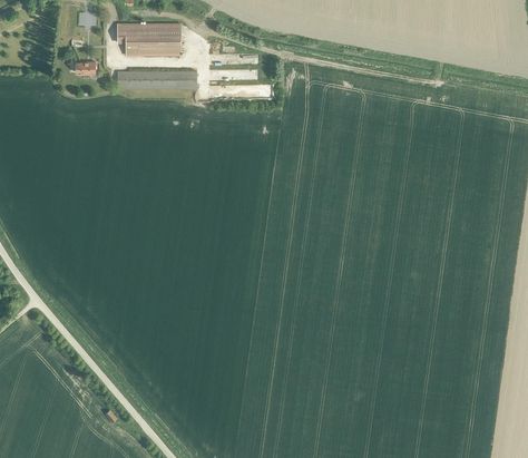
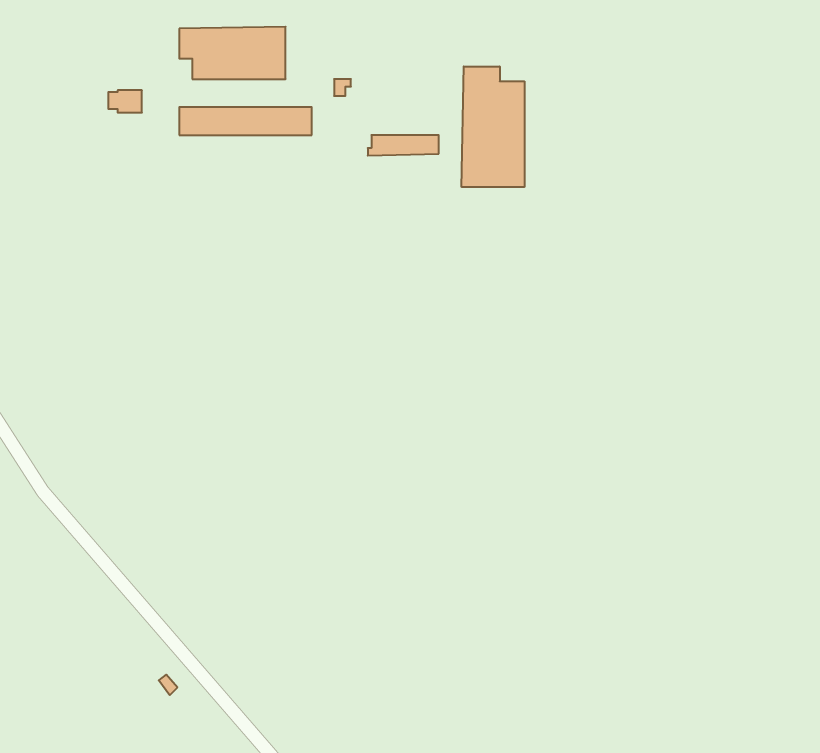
building: none -> [462,66,524,187]

